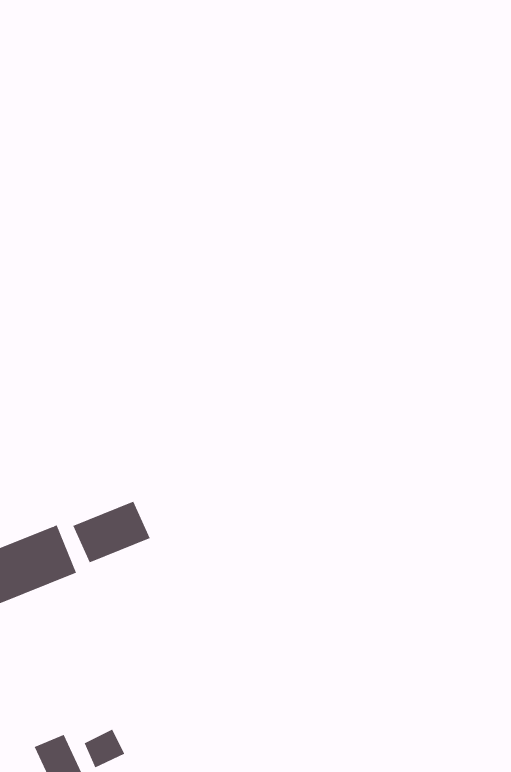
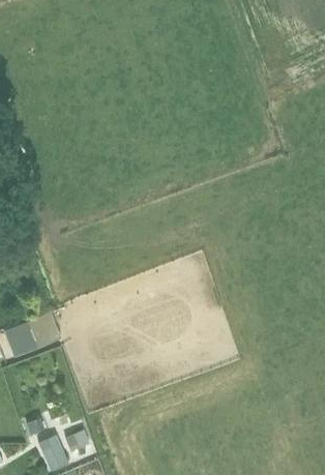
building: [73,501,150,563] -> none

